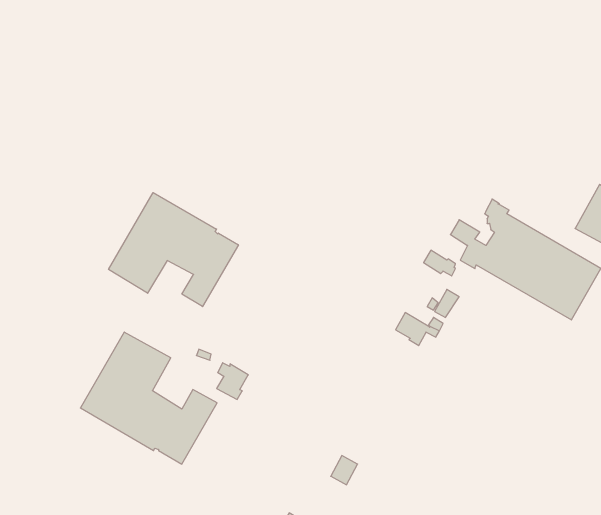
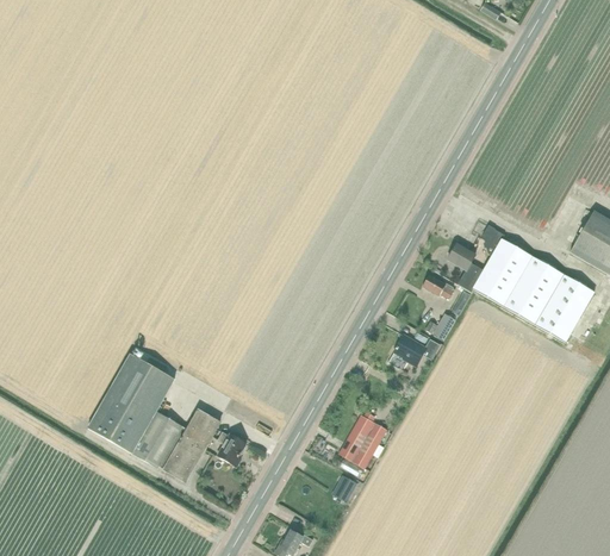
building: [109,193,238,307] -> none
building: [217,363,248,399] -> [216,431,247,467]
building: none -> [338,411,386,468]

